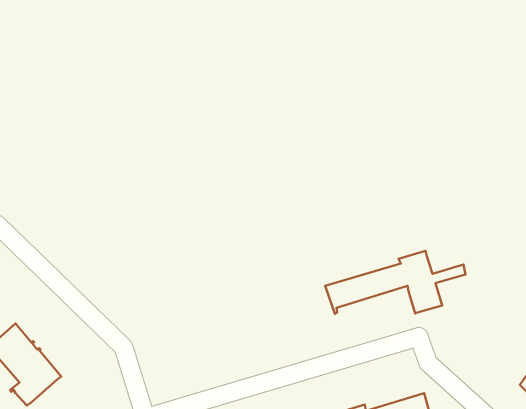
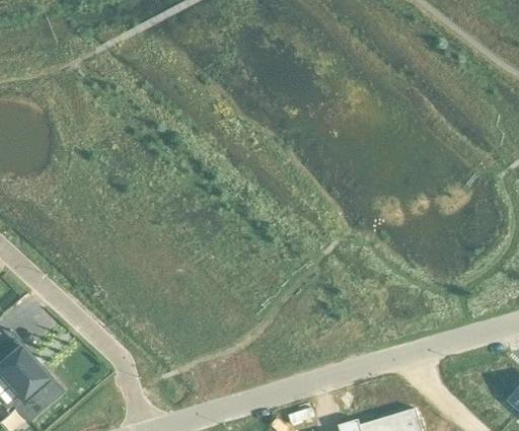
building: [325,251,466,314] -> none

